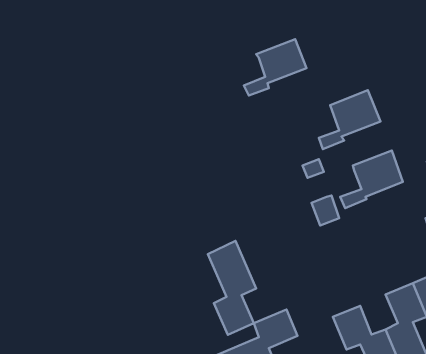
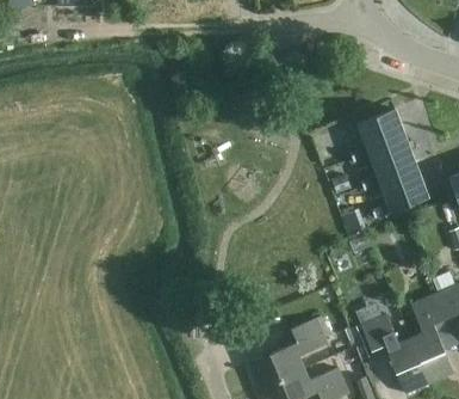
building: [244,39,306,96] -> [358,139,417,192]
building: [208,241,256,335] -> none

